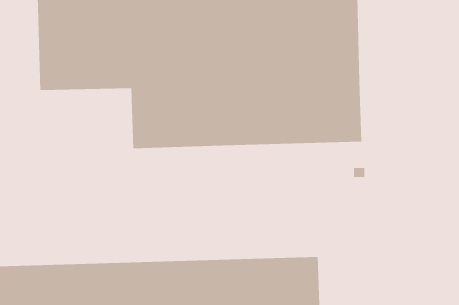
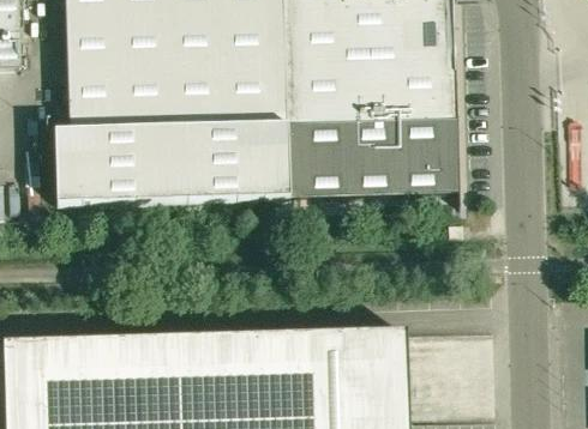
building: none -> [54,127,180,204]

